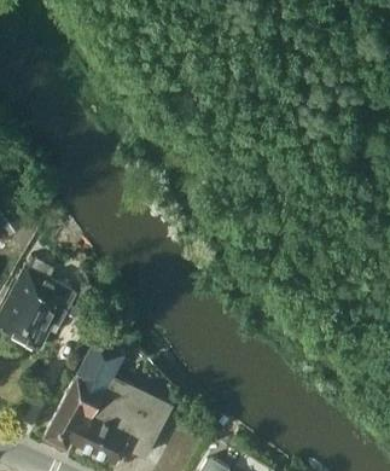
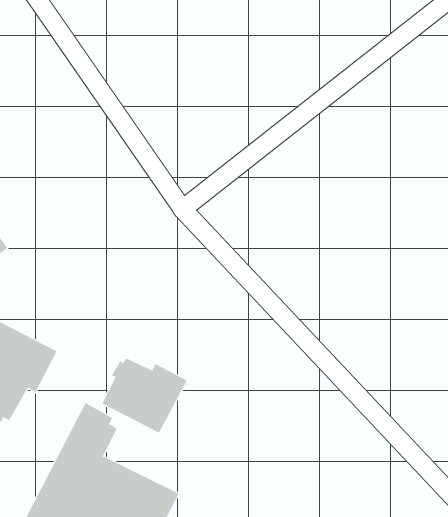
building: none -> [102,358,187,434]

